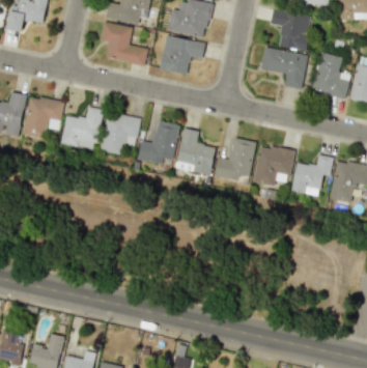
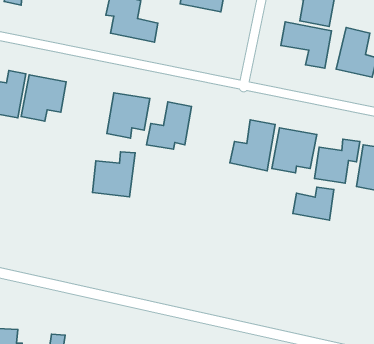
building: [159,34,204,74] -> none
building: [61,107,101,148] -> [92,152,135,197]
building: [176,128,215,174] -> none
building: none -> [293,187,334,220]

